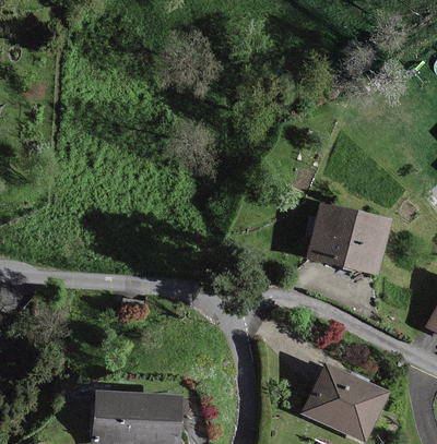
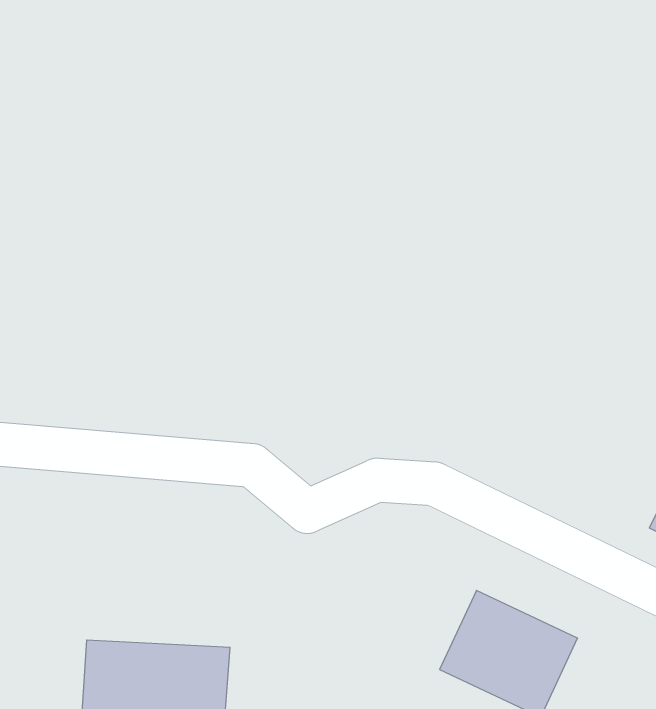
building: [311,205,389,272] -> none

